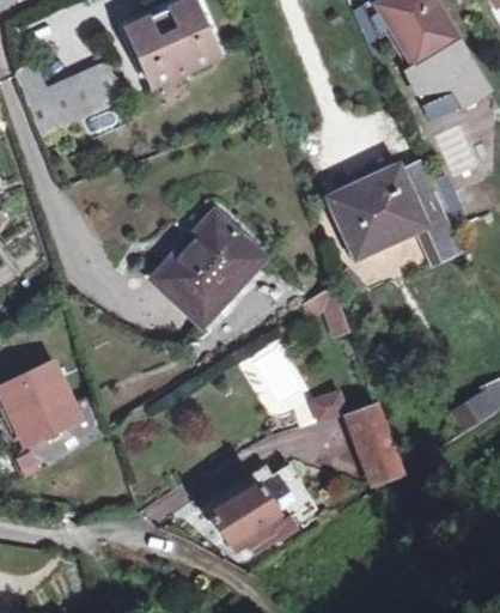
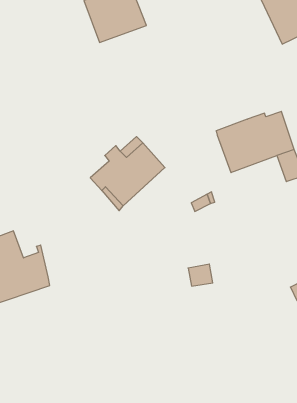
building: [14,63,126,136] -> none
building: [348,405,401,484] -> none
building: [203,466,294,554] -> none

